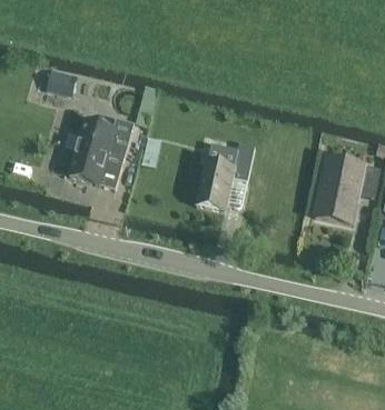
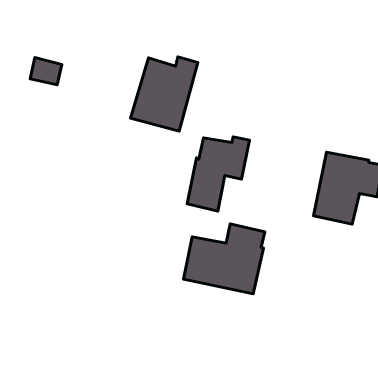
building: [70,117,134,187] -> [131,57,198,131]
building: none -> [183,224,265,294]

